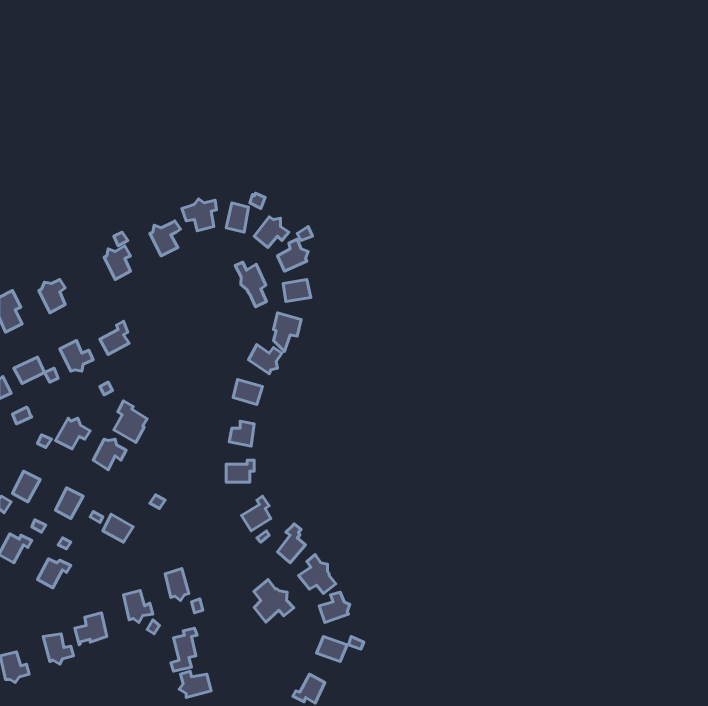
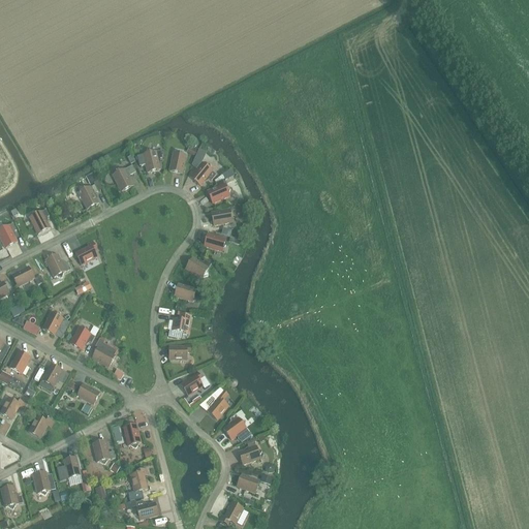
building: [235,262,266,307] -> none
building: [114,401,147,442] -> [91,335,116,366]
building: [254,579,294,622] -> none

